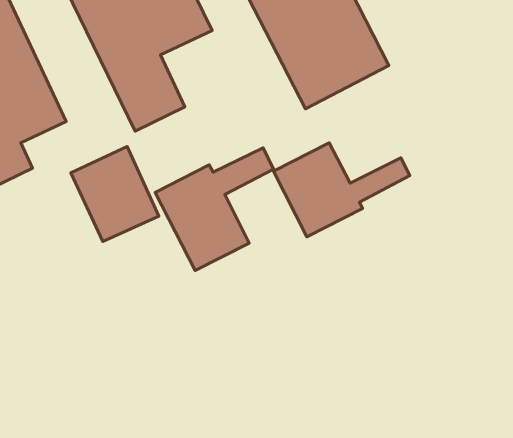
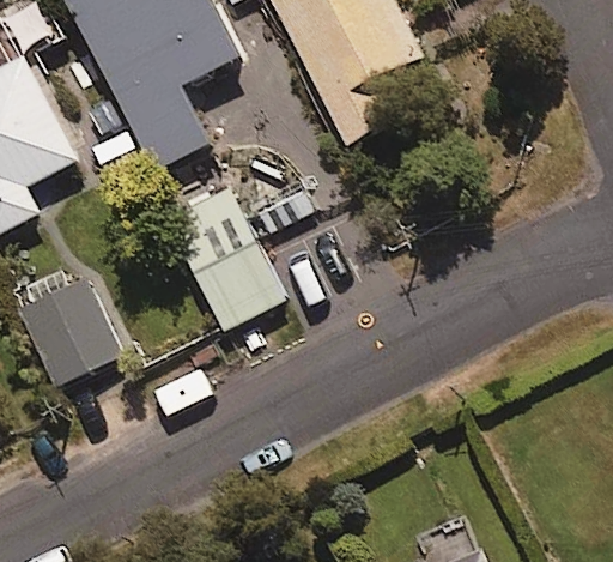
building: [274,143,410,237] -> none
building: [71,147,159,242] -> [17,278,116,386]

